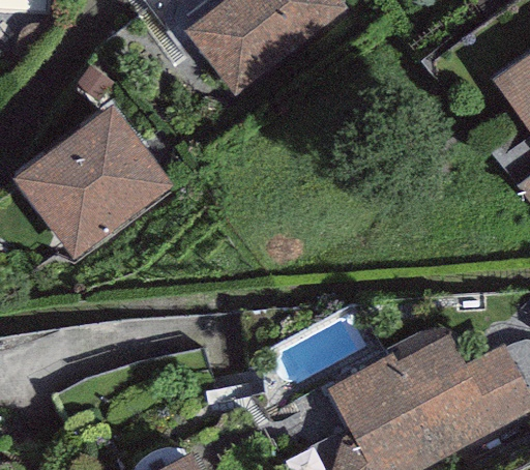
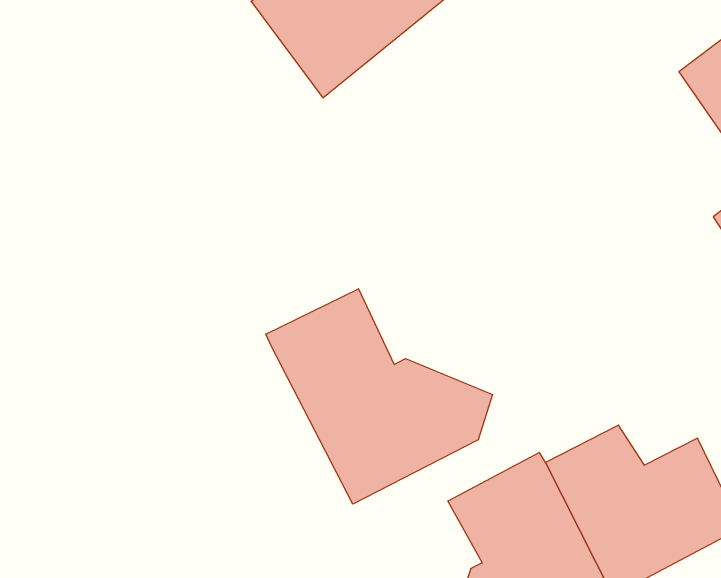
building: [13,105,174,259] -> none
building: none -> [266,289,492,504]

